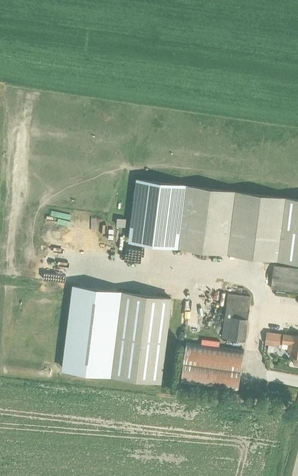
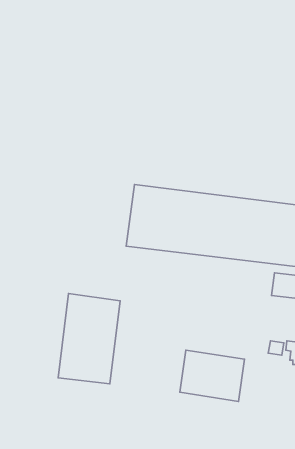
building: [220,294,250,342] -> none
building: [111,295,170,382] -> none

